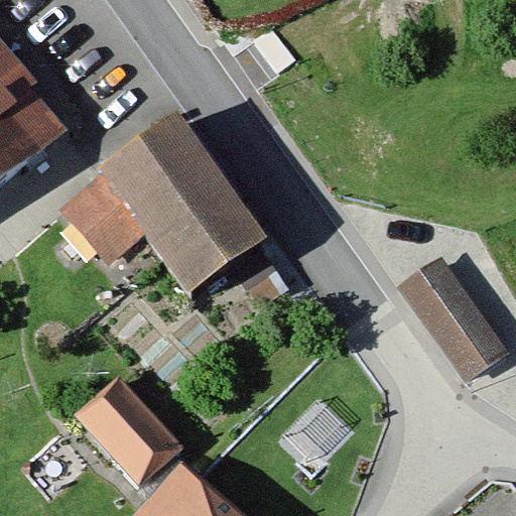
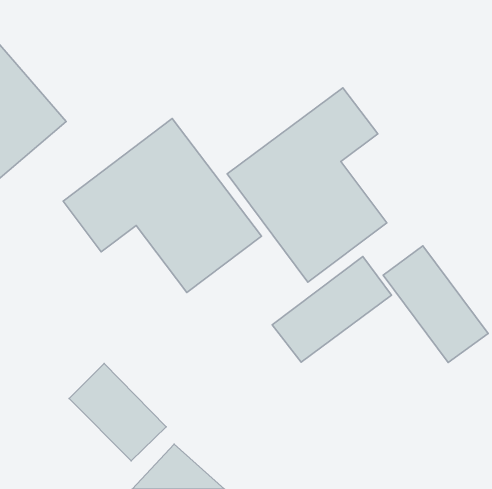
building: none -> [227,88,387,282]
building: none -> [272,257,391,362]

